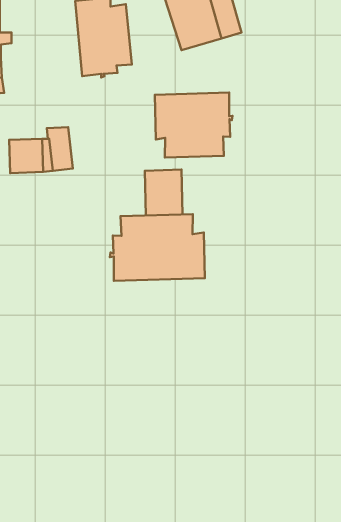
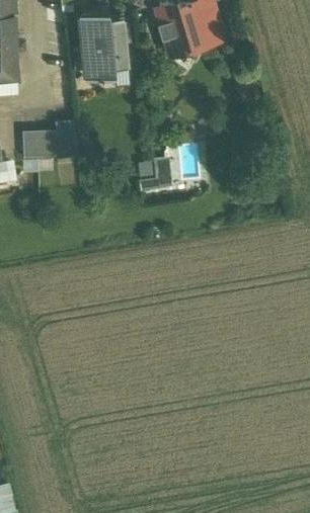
building: [155,92,233,157] -> none
building: [110,214,205,281] -> none

